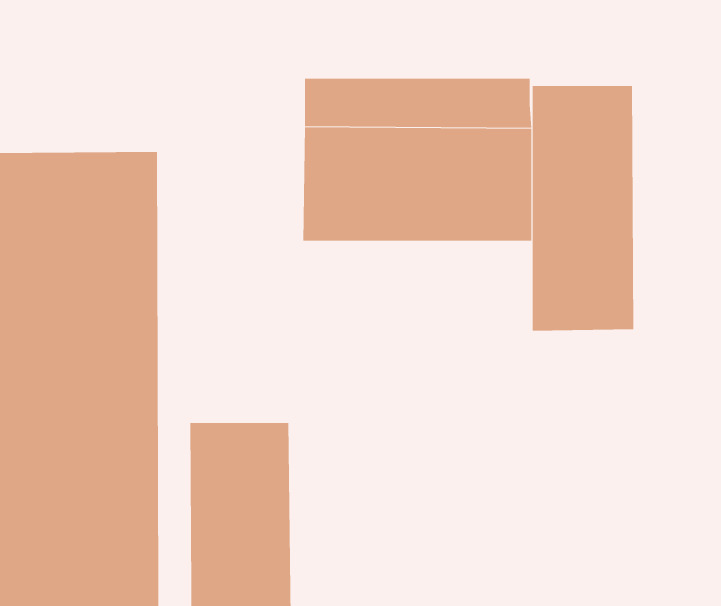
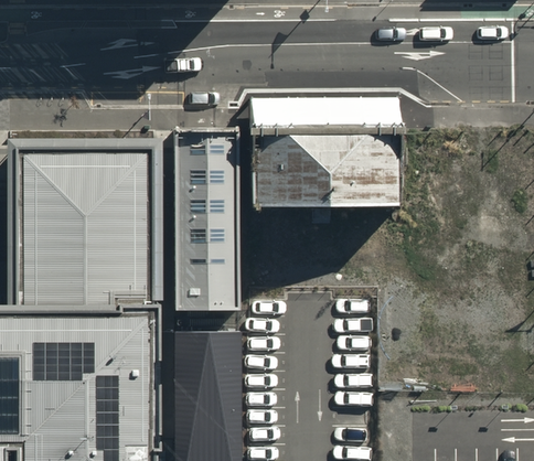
building: [532,85,634,332] -> none
building: none -> [172,130,237,310]

